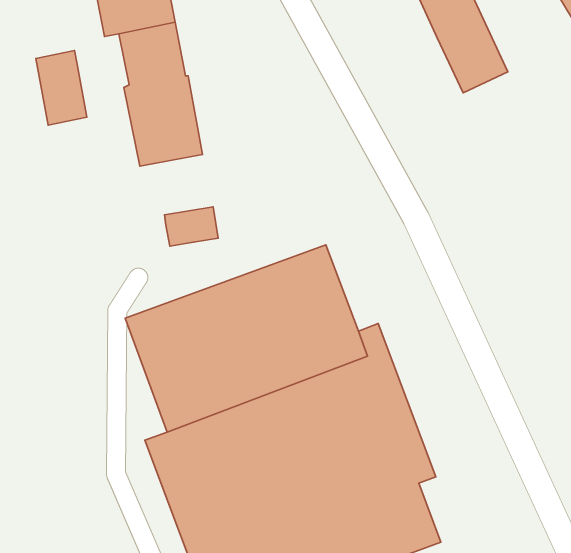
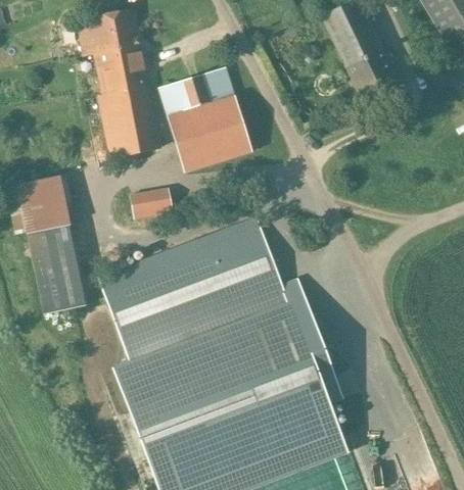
building: [36,51,87,125] -> none
building: none -> [158,69,251,174]
building: none -> [16,177,85,314]

